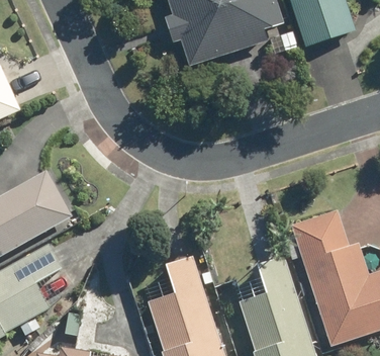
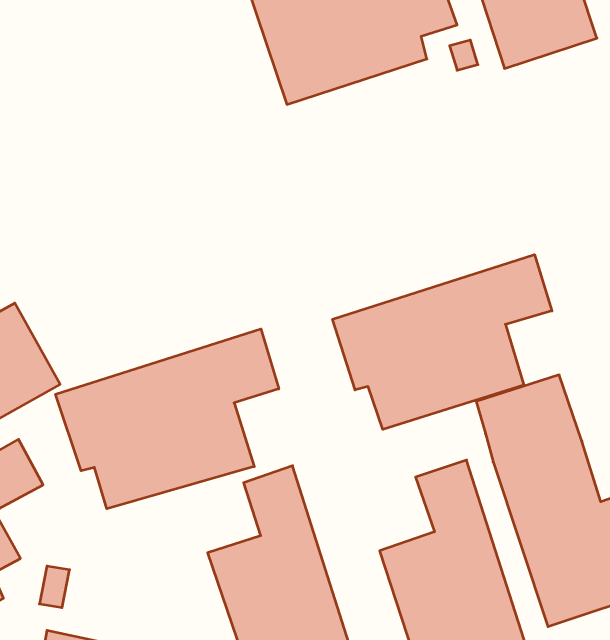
building: none -> [333,255,552,429]
building: none -> [56,329,279,509]

